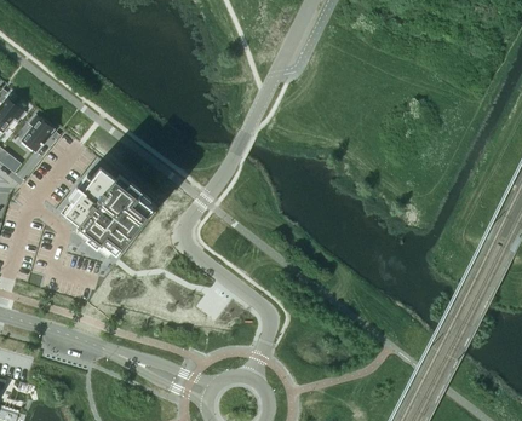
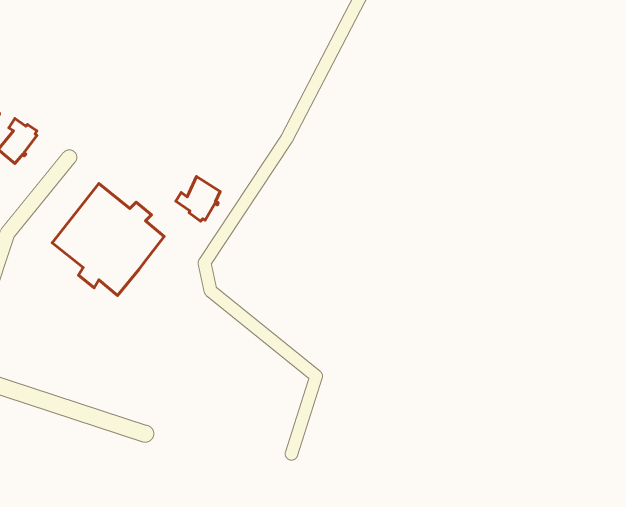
building: none -> [176,177,220,221]

